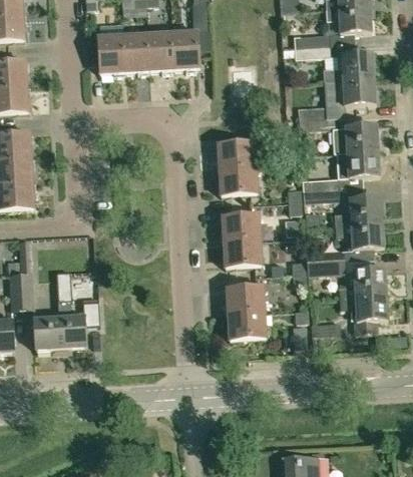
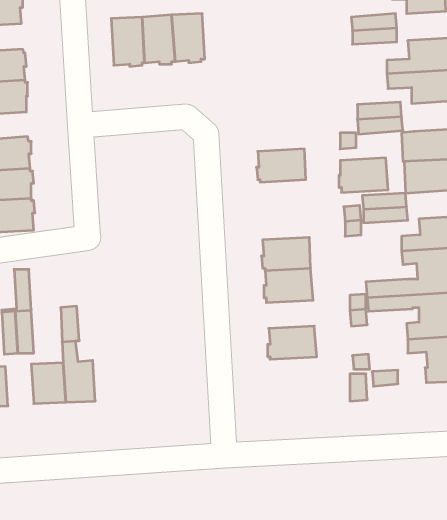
building: [172,31,199,71] -> none
building: [219,167,259,195] -> [339,158,388,192]
building: [227,312,267,340] -> none

